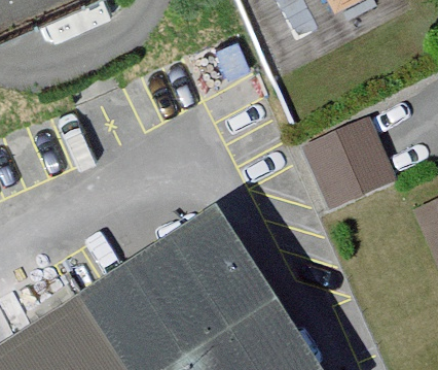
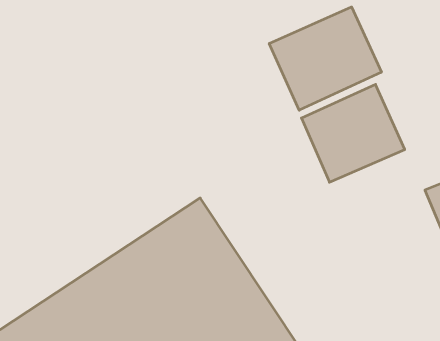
building: none -> [269,7,381,110]

